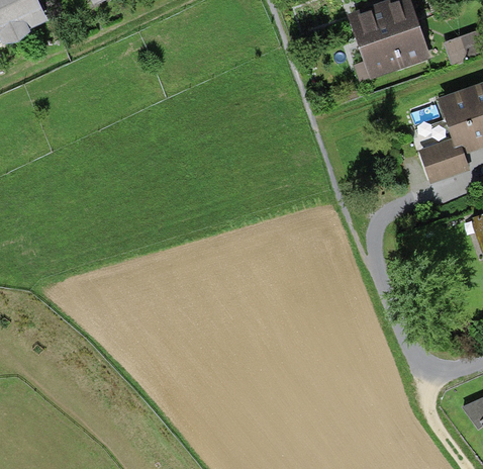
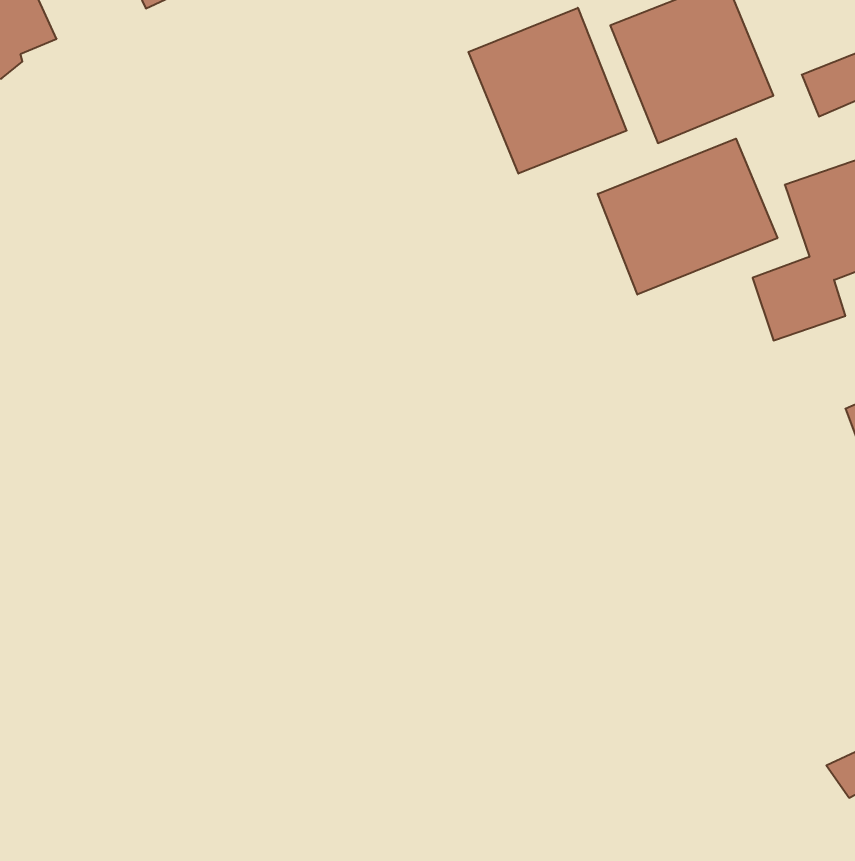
building: none -> [468,8,627,174]
building: none -> [598,139,777,295]

